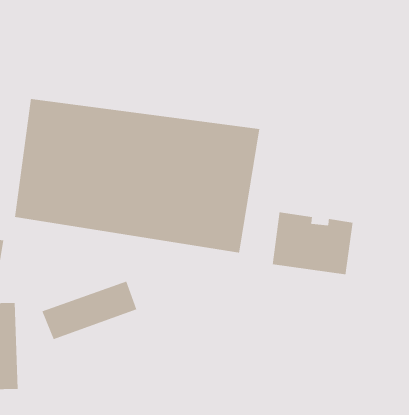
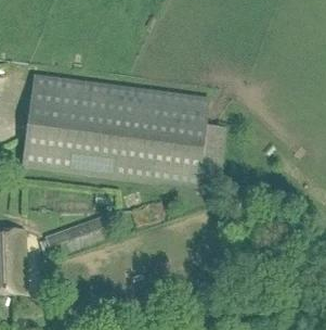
building: [272,212,353,275] -> none

